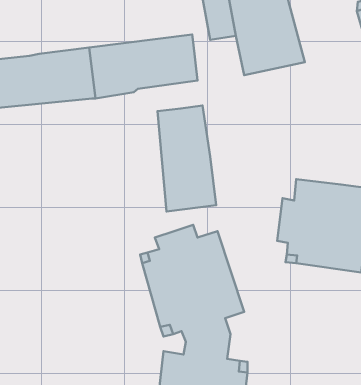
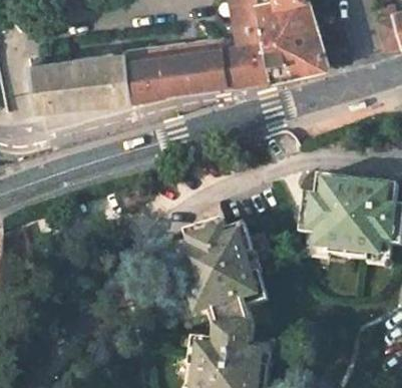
building: none -> [221,41,269,83]
building: [157,106,216,212] -> none

